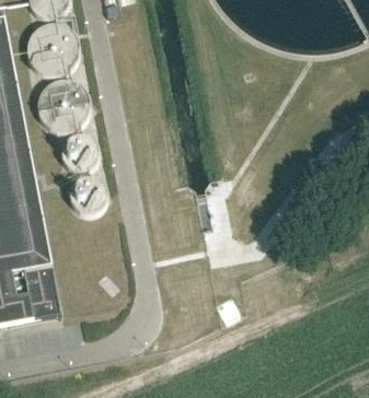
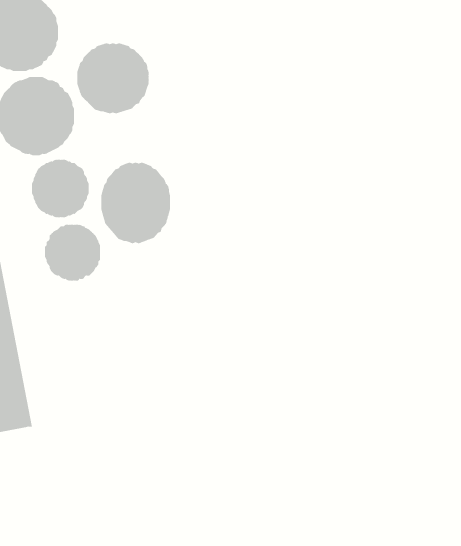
building: none -> [77,43,149,114]
building: none -> [101,162,171,244]

